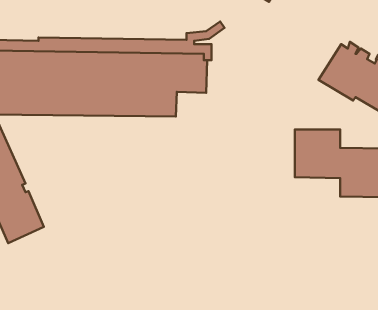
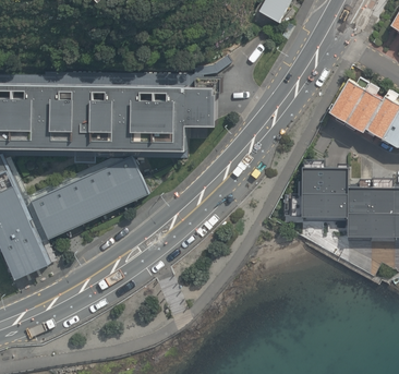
building: none -> [29,157,148,241]

